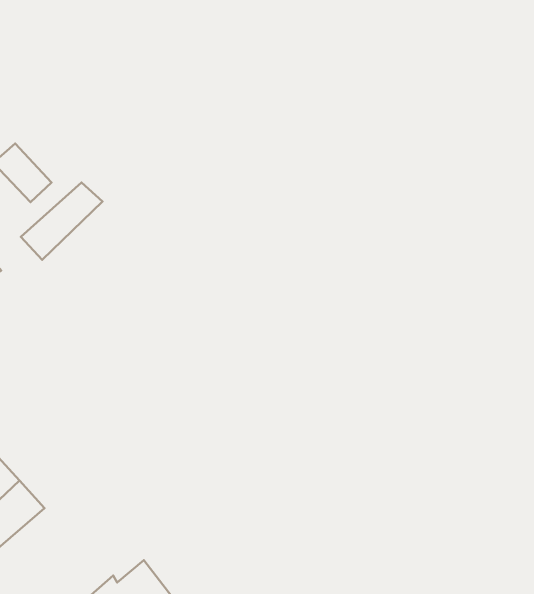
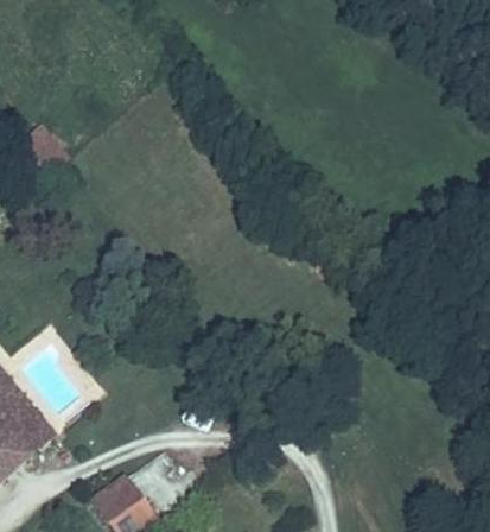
building: [21,182,102,260] -> none

